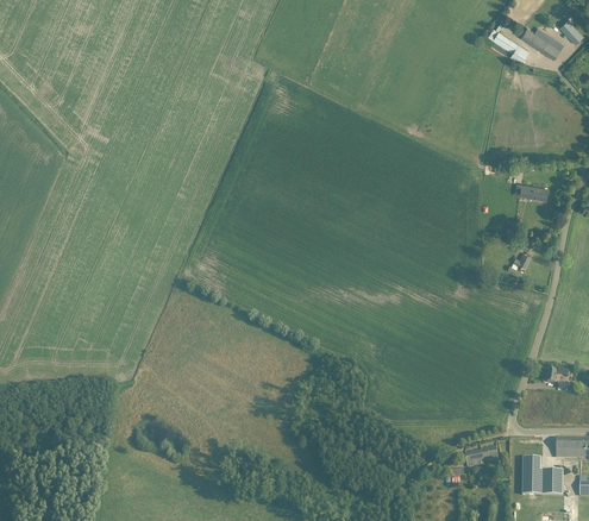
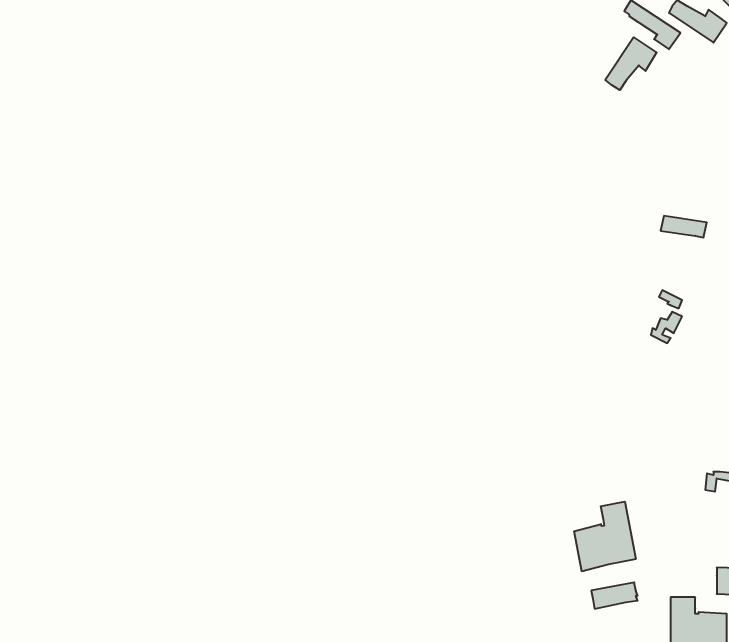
building: none -> [605,37,657,90]
building: none -> [574,502,636,571]

